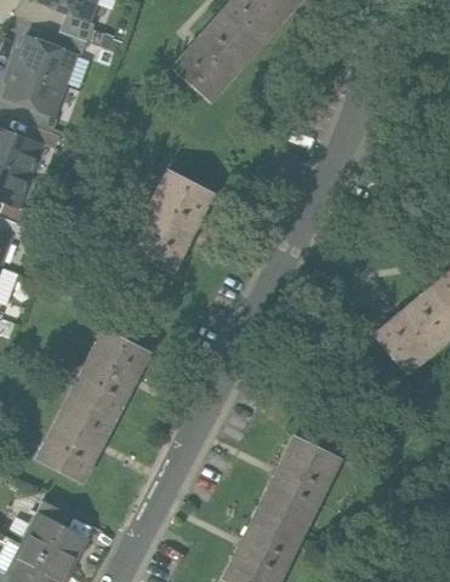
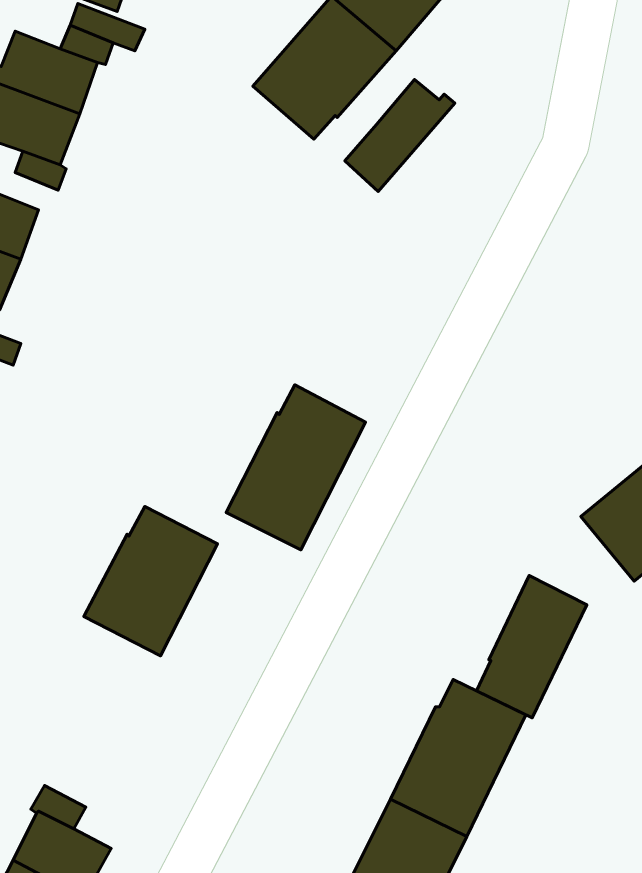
building: none -> [345,80,455,191]
building: [126,169,212,270] -> [226,385,366,550]
building: none -> [477,576,587,718]
building: [36,395,115,481] -> none

